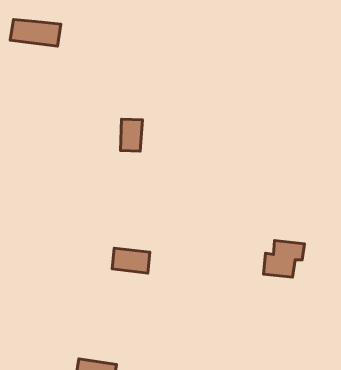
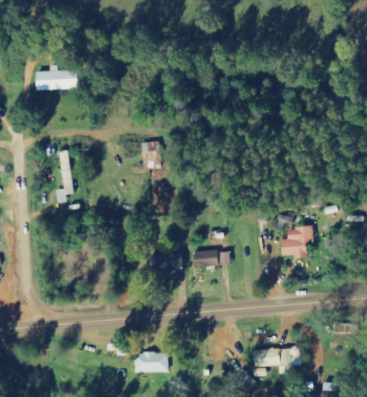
building: none -> [56,150,74,203]
building: none -> [194,250,231,267]

